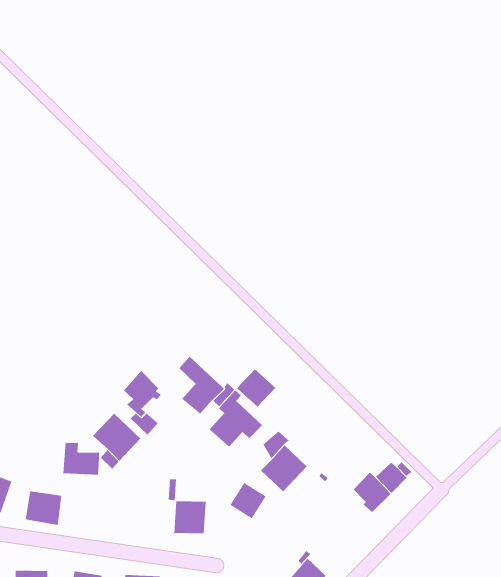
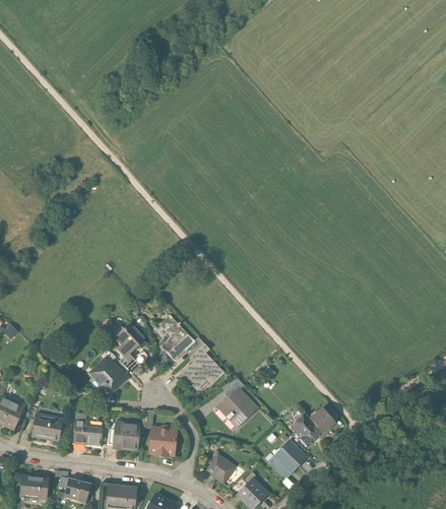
building: [236,369,276,407] -> none
building: [63,442,100,475] -> [72,419,103,446]
building: [230,482,266,519] -> [206,453,236,483]
building: none -> [113,421,139,449]
building: none -> [269,441,306,478]

